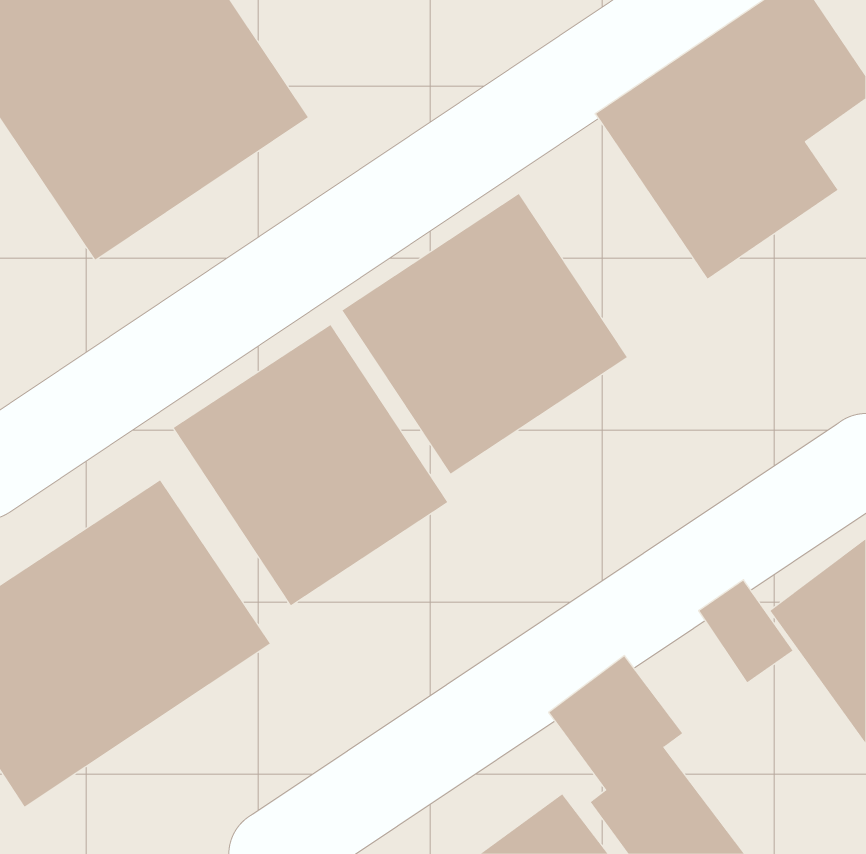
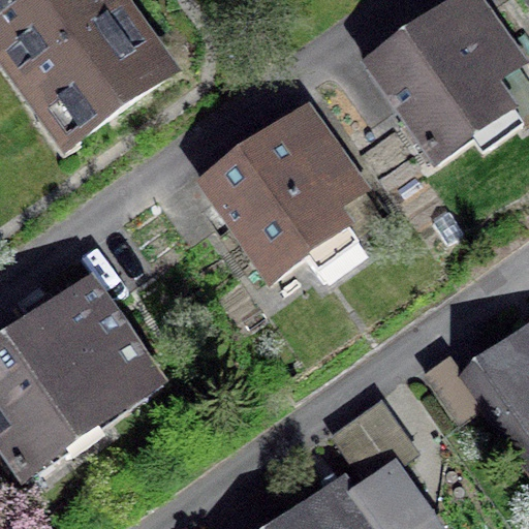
building: [173,324,448,606] -> none

